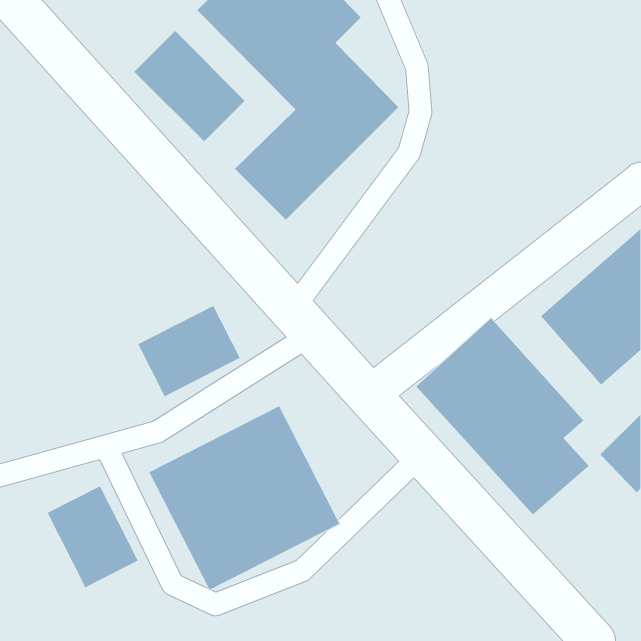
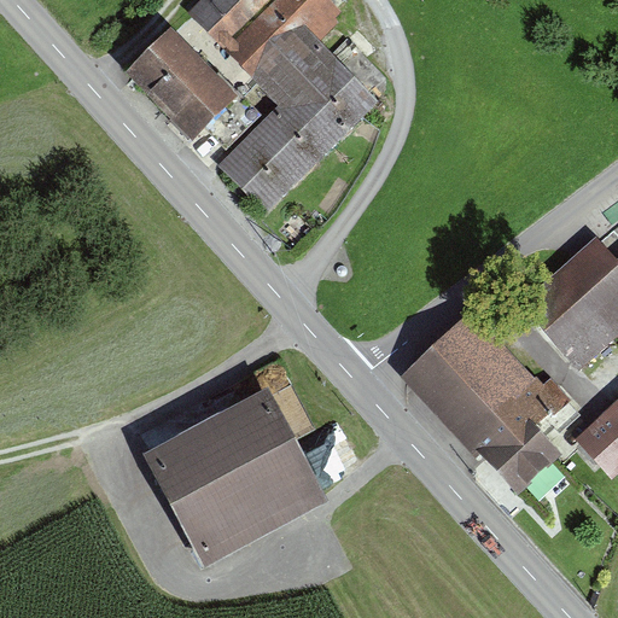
building: [137,305,241,397] -> none
building: [47,485,139,588] -> none

